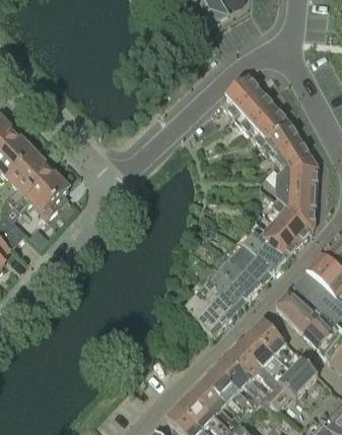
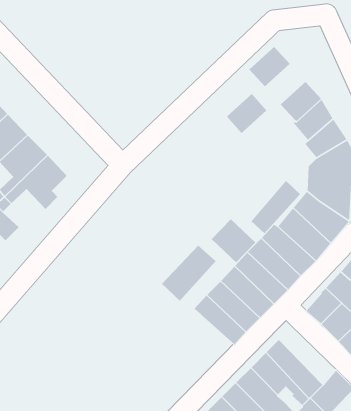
building: [240,89,275,125] -> [226,93,267,134]
building: none -> [251,180,301,234]
building: none -> [211,219,256,263]
building: none -> [161,245,217,301]
building: [252,316,301,369] -> none

